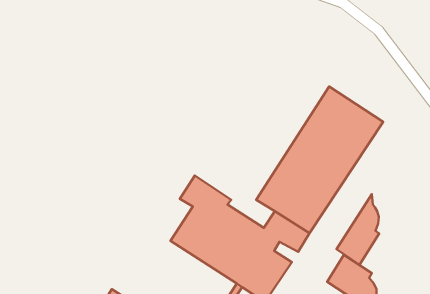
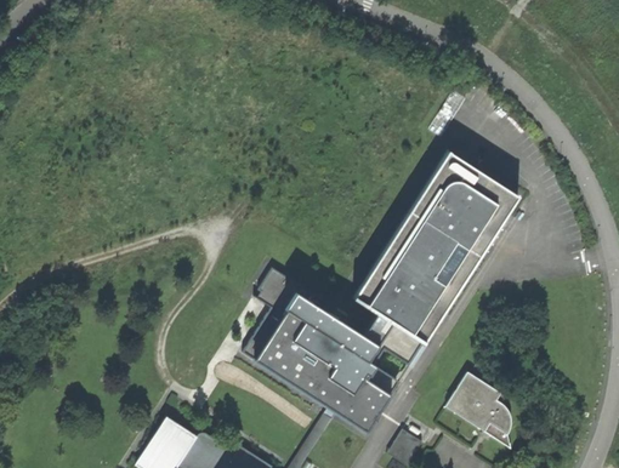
building: [336,194,379,265] -> none

